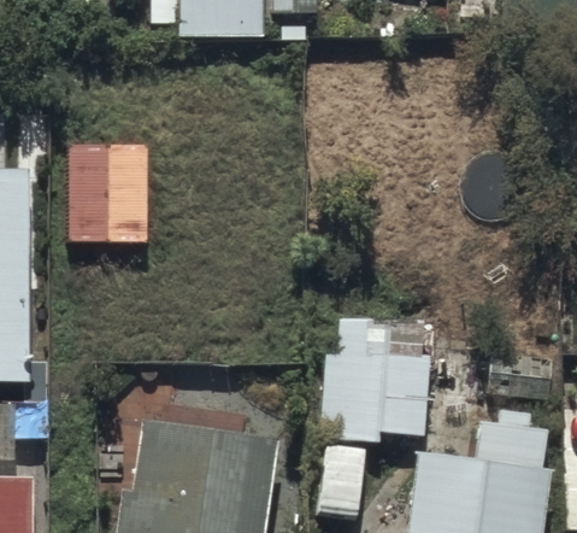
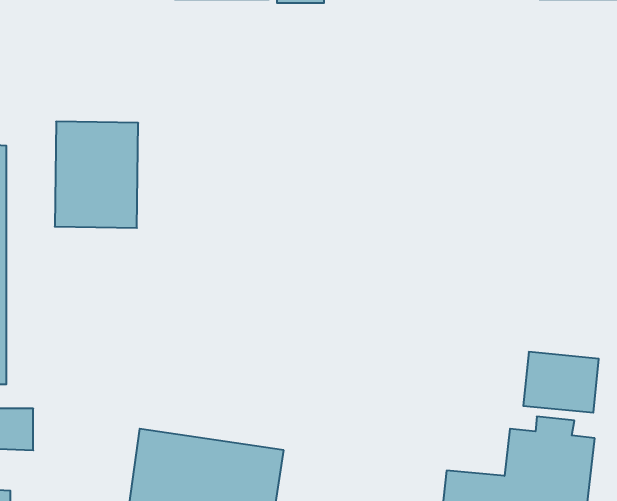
building: [323,339,429,437] -> none

